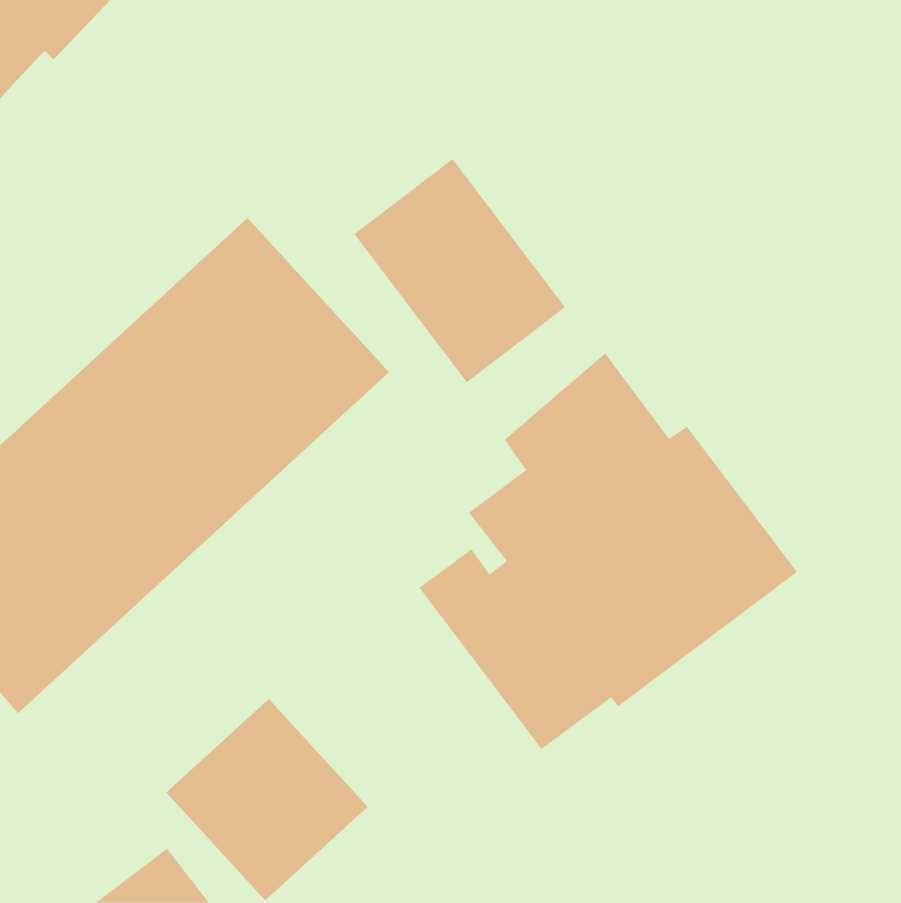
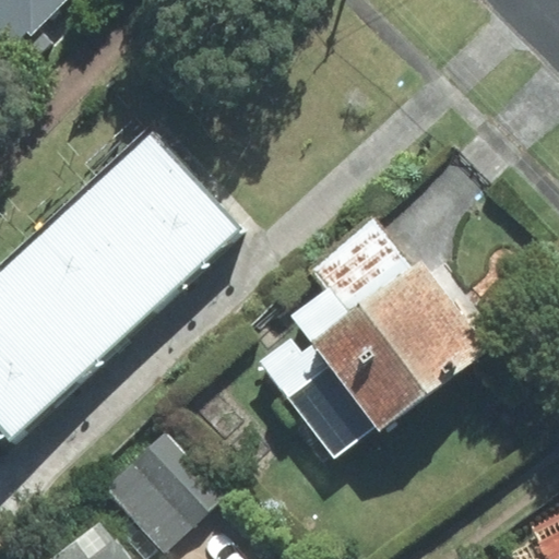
building: [353,158,566,383] -> none

